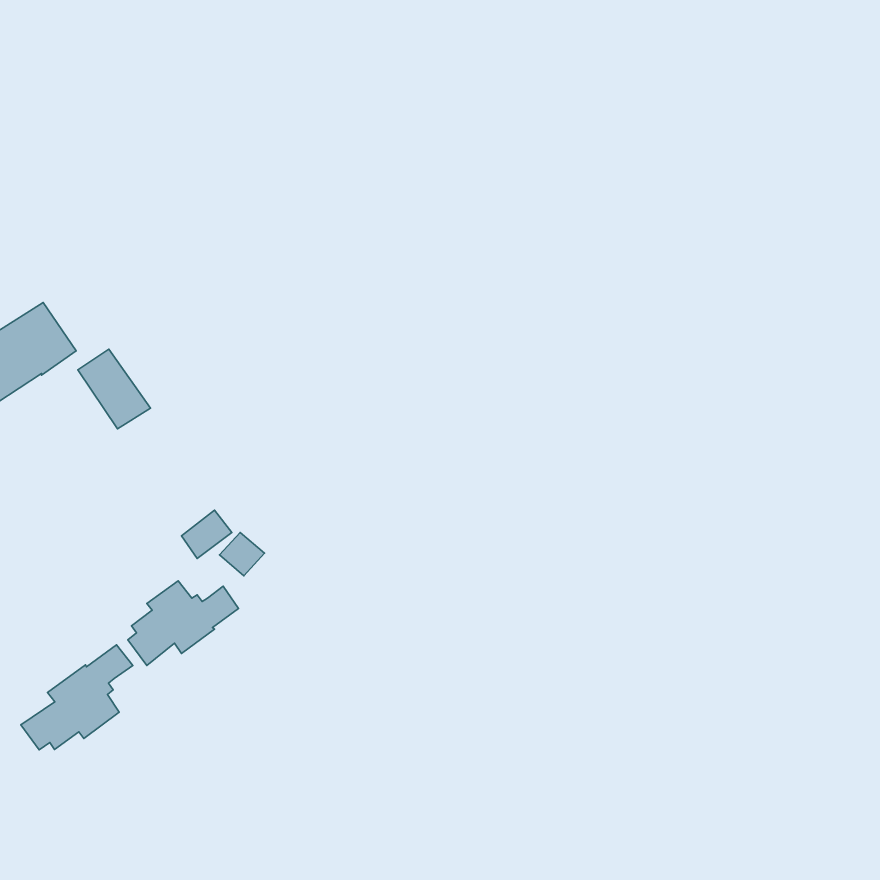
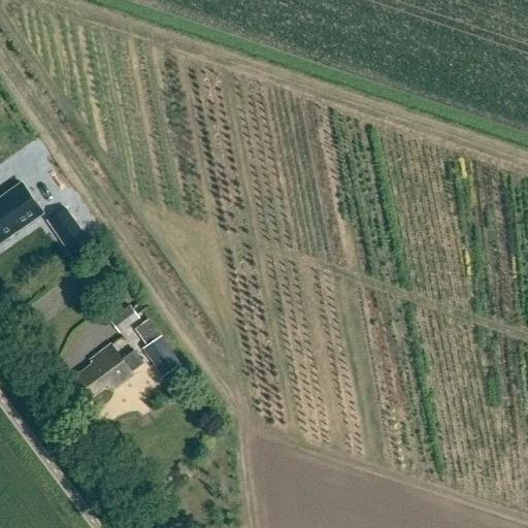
building: none -> [141,334,180,376]
building: [21,645,133,750] -> none

